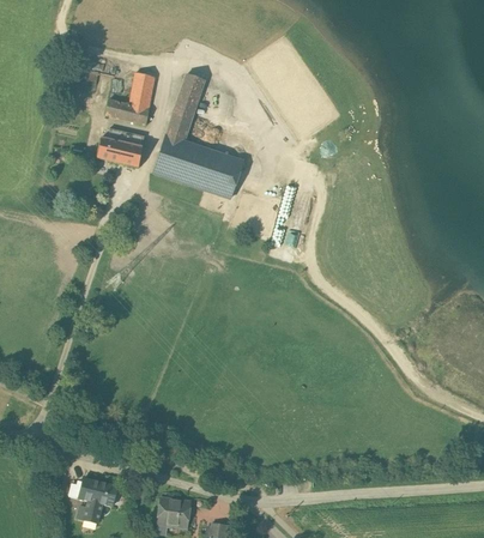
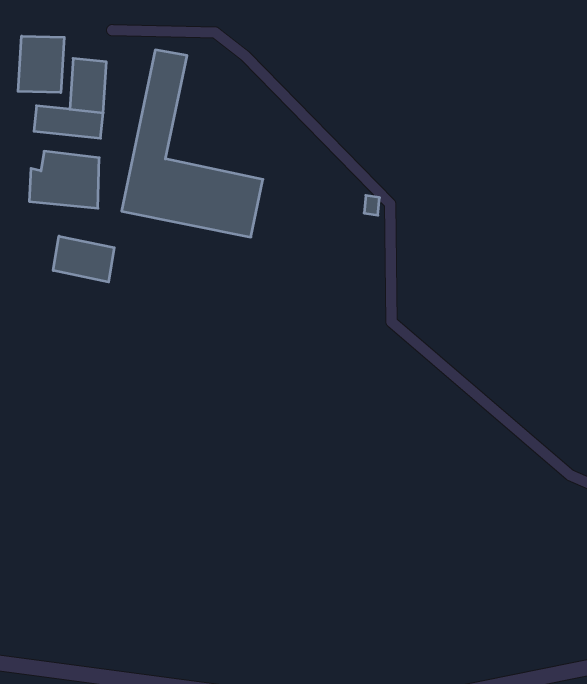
building: none -> [18,36,64,93]
building: none -> [53,236,114,282]

